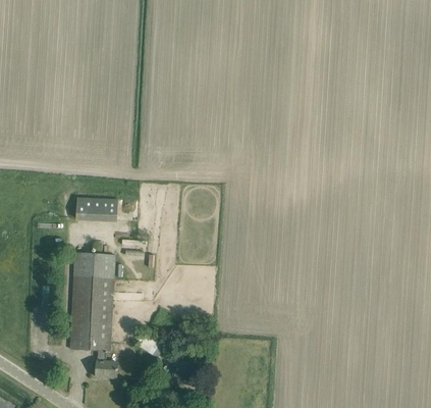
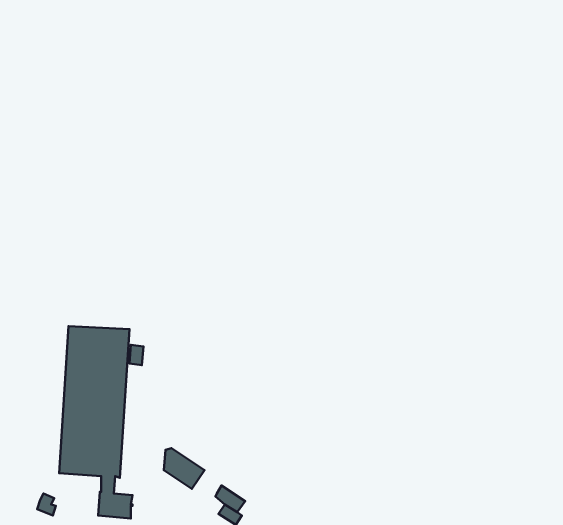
building: [75,197,117,222] -> none

